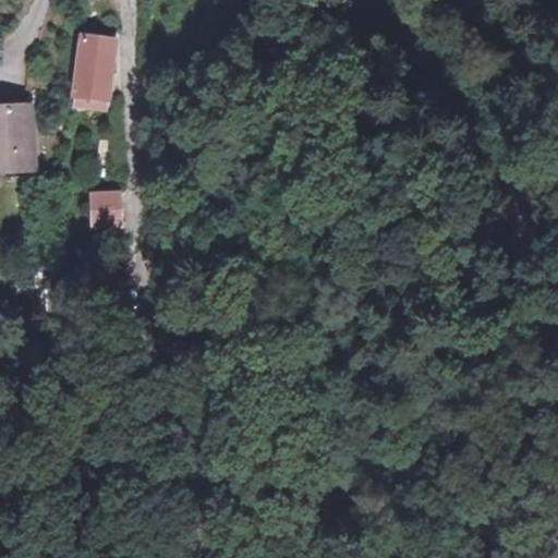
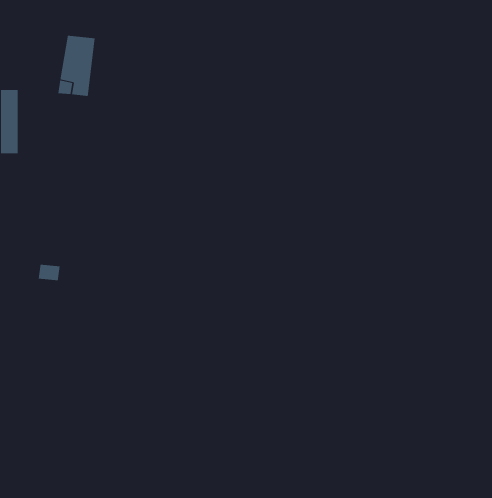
building: [90,192,121,226] -> none

